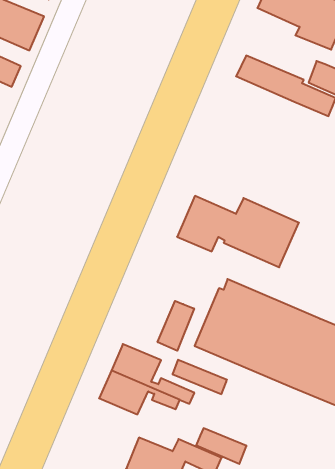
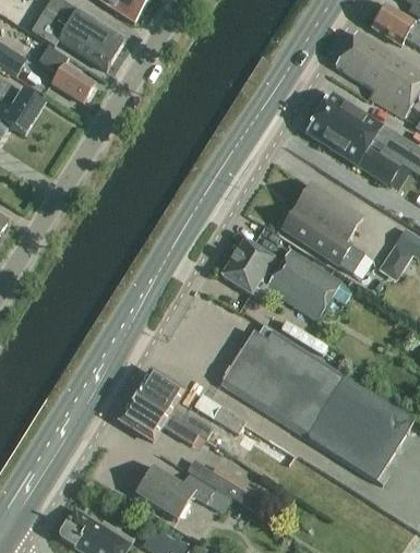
building: none -> [316,88,381,141]
building: none -> [281,182,364,272]
building: [158,301,194,351] -> none

